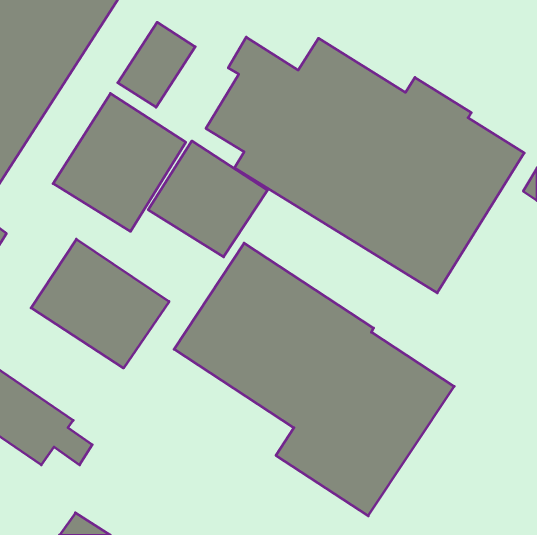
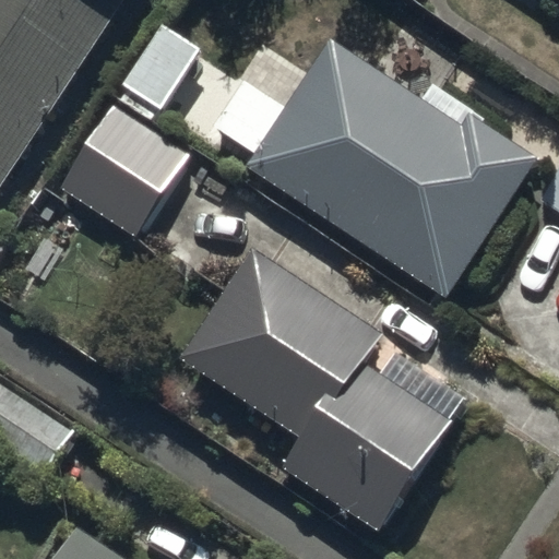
building: [148,141,267,257] -> none
building: [31,239,169,368] -> none

